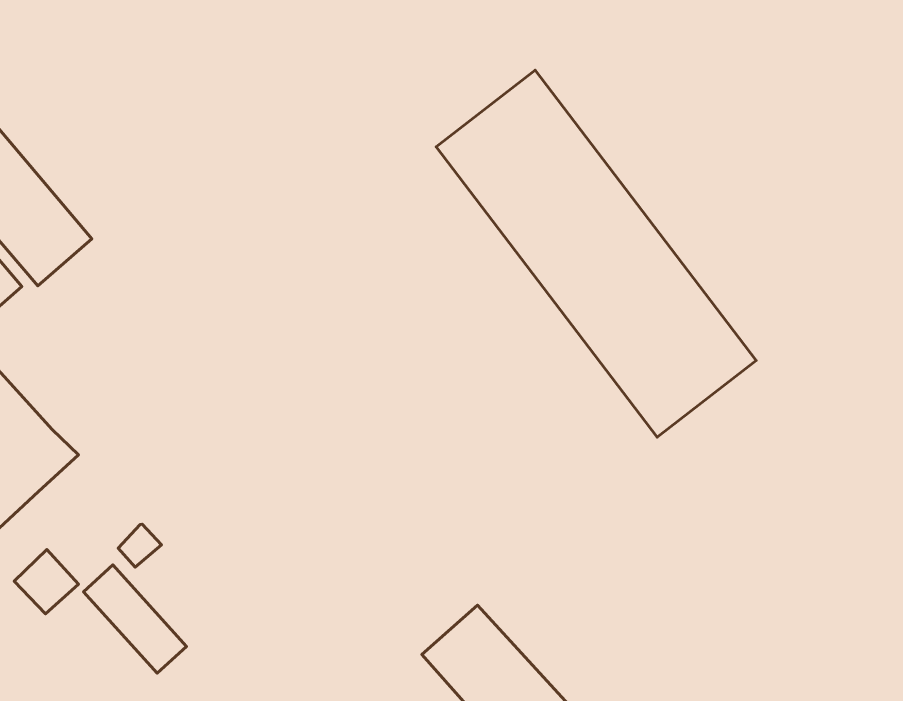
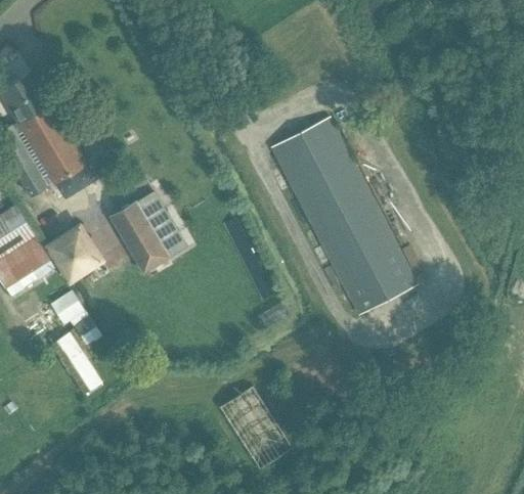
building: none -> [111,191,186,272]
building: none -> [47,227,100,280]
building: [14,550,79,614] -> [50,290,83,323]

